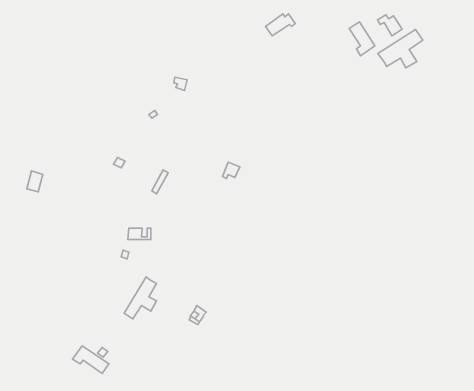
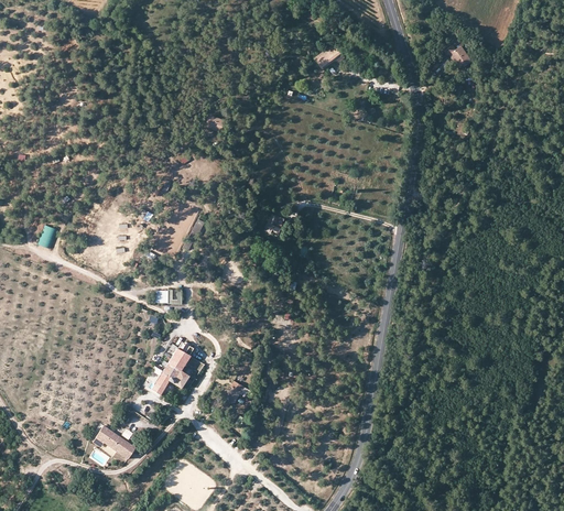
building: [349,22,375,56] -> none
building: [378,29,423,68] -> none

